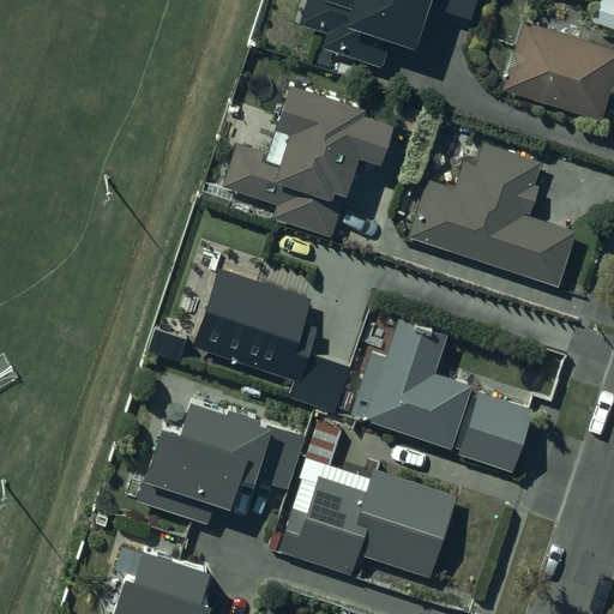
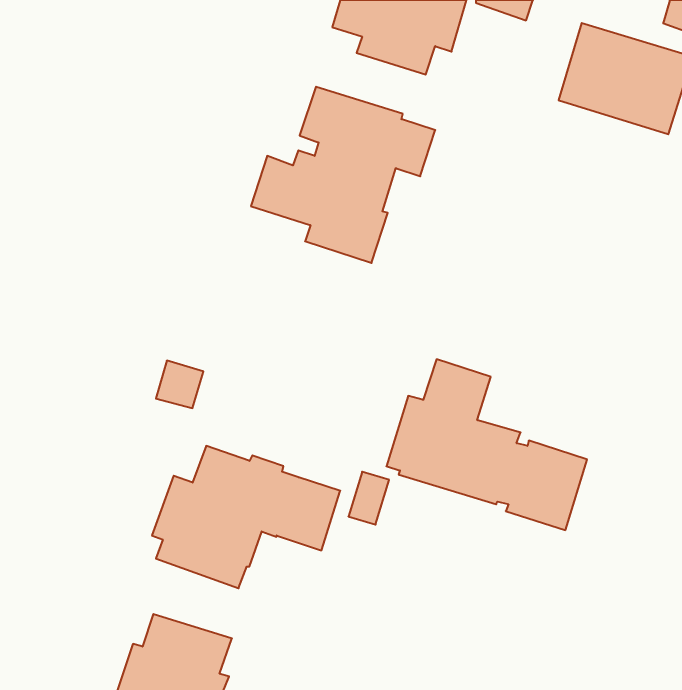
building: [405,144,577,288] -> none
building: [192,269,351,415] -> none
building: [278,469,452,577] -> none

